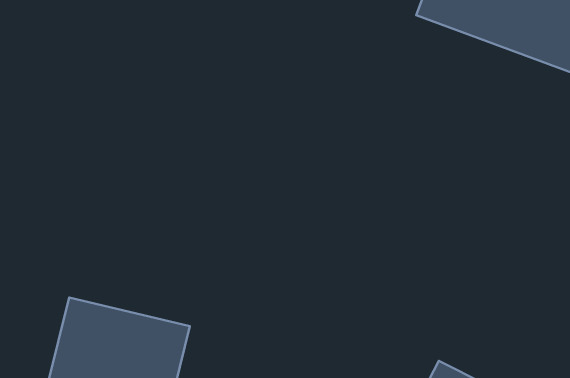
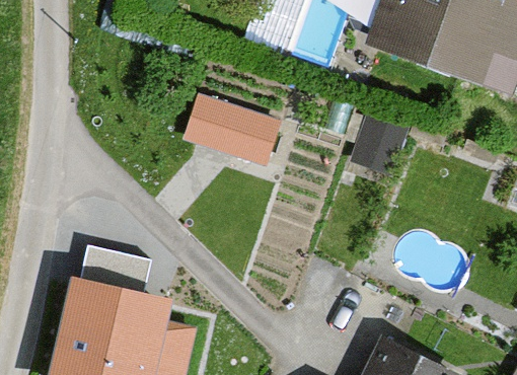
building: none -> [184,94,283,163]

